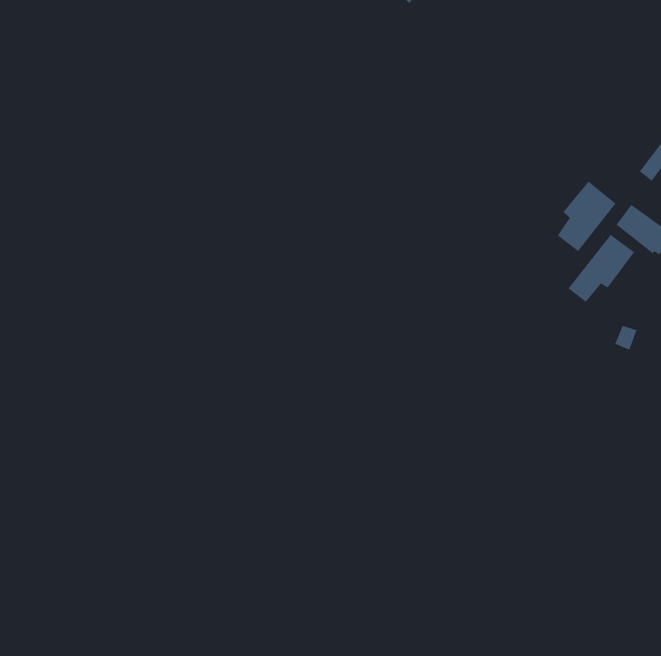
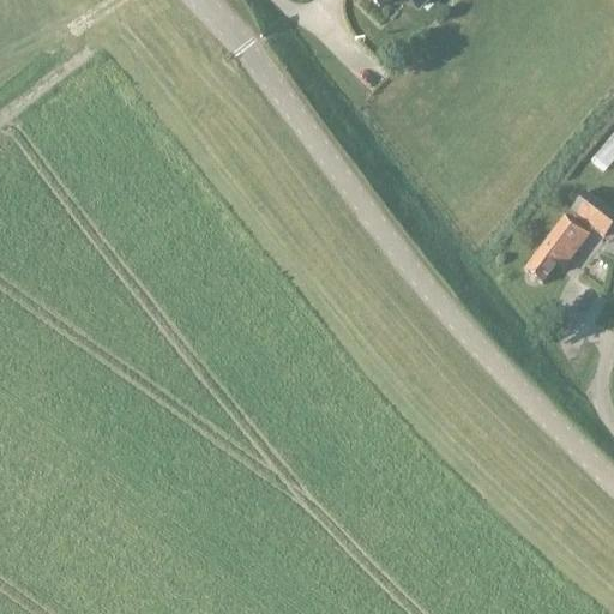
building: [557,181,616,252] -> none

